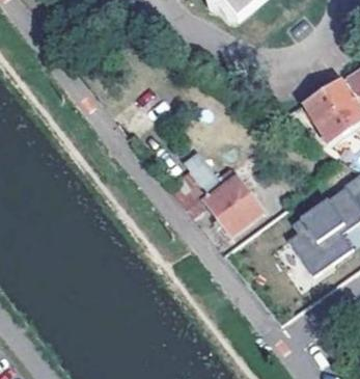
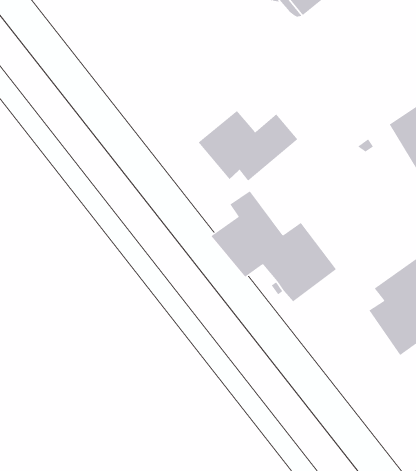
building: none -> [198,110,298,182]

